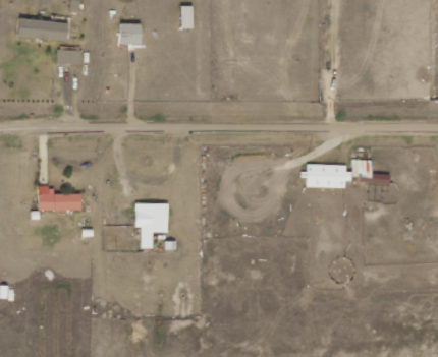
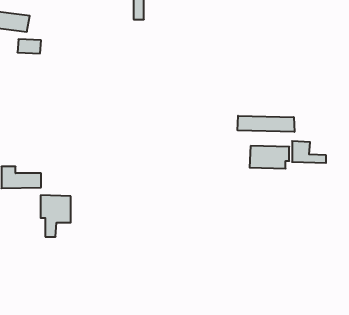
building: [120,22,142,44] -> none
building: none -> [238,116,294,132]
building: [135,202,168,247] -> [41,195,71,237]

